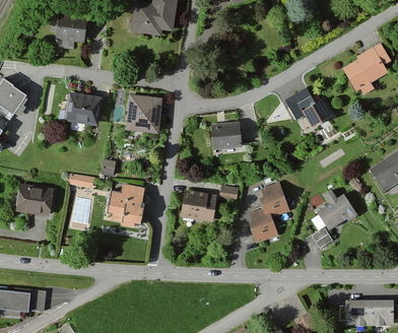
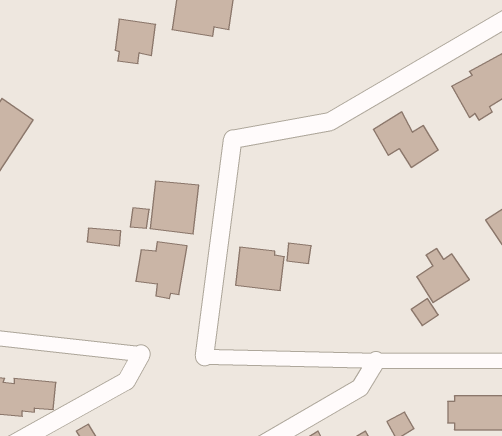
building: [56,15,86,49] -> [115,19,156,64]
building: [64,91,103,126] -> none
building: [125,94,161,134] -> [150,181,199,234]
building: [211,123,241,149] -> none
building: [248,183,288,243] -> none
building: [15,184,53,216] -> none

